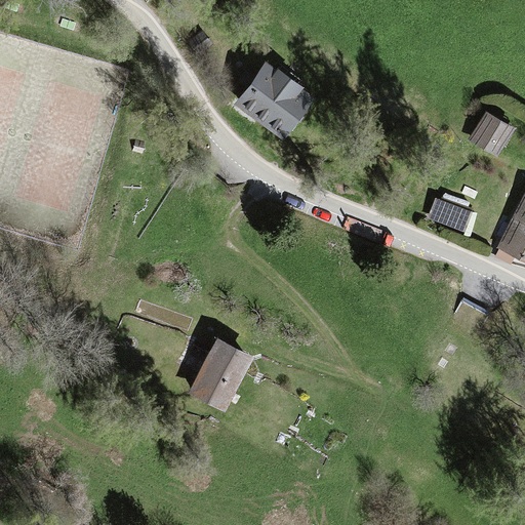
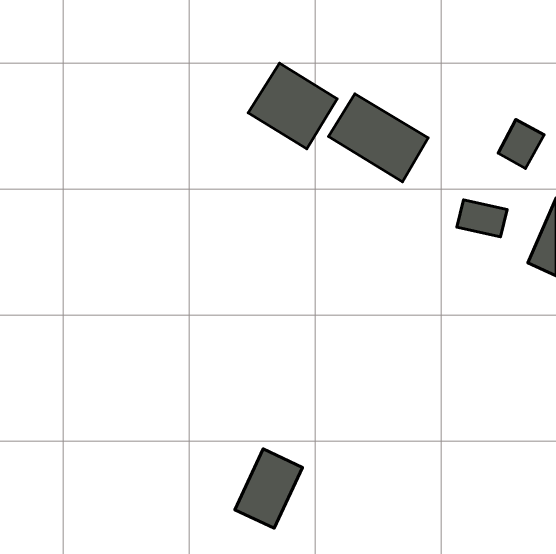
building: none -> [329,94,428,182]
building: [187,339,250,414] -> [235,449,302,528]

